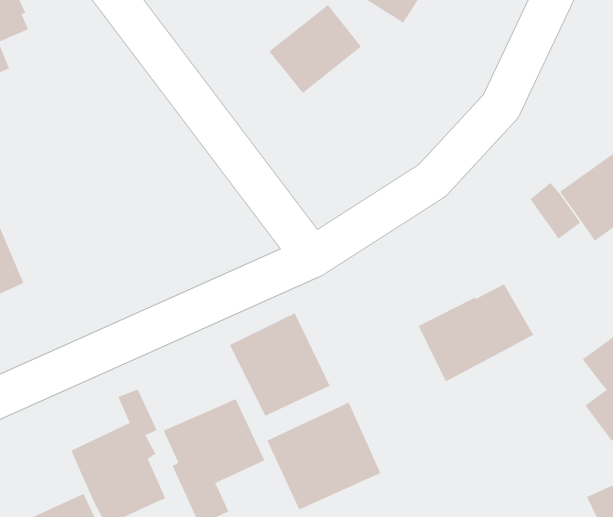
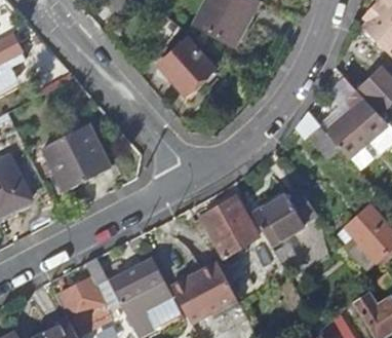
building: none -> [41,127,108,193]
building: [229,312,331,416] -> [200,194,259,254]

